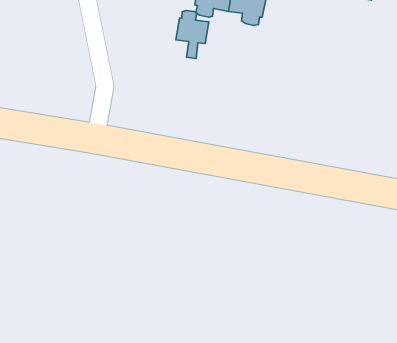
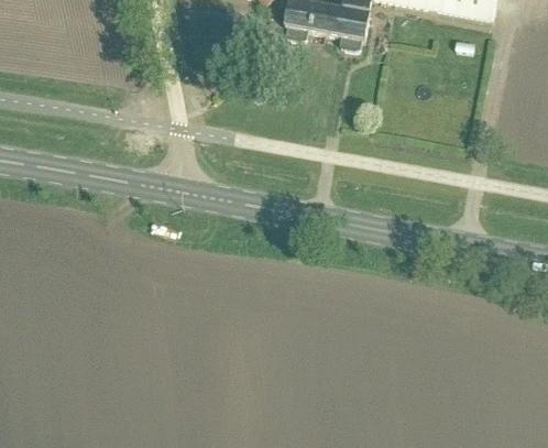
building: [176,10,209,59] -> none

